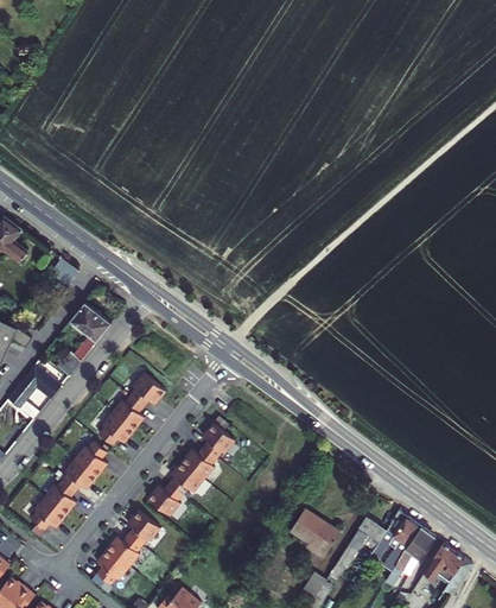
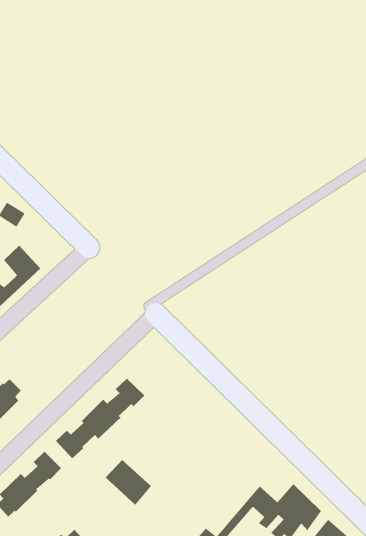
building: [97,376,164,448] -> none
building: [290,509,339,556] -> [105,459,152,506]

